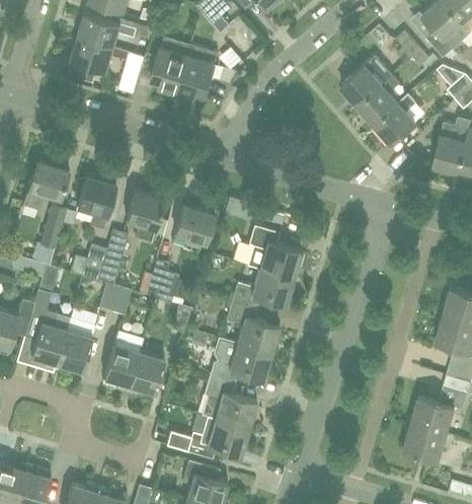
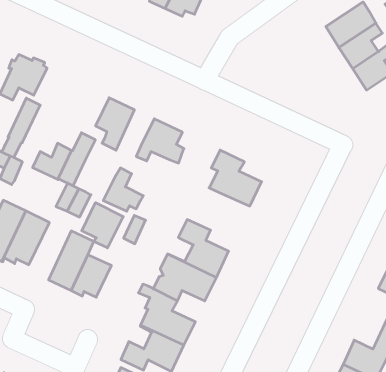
building: [77,175,115,229] -> none
building: [232,269,293,308] -> none
building: none -> [82,203,123,248]

